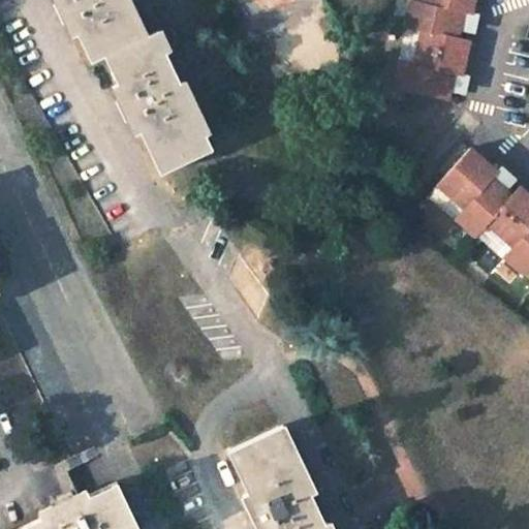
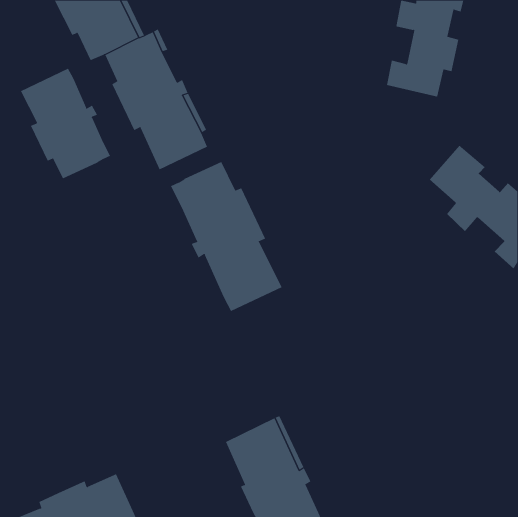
building: none -> [20,68,111,179]
building: none -> [170,161,282,312]

